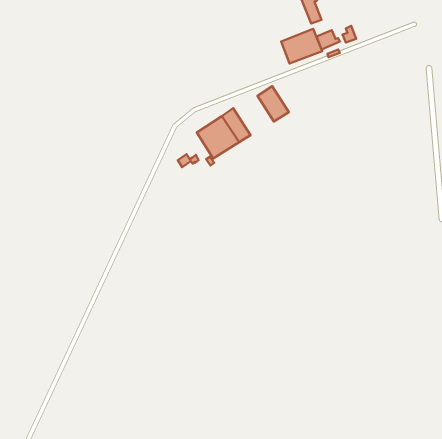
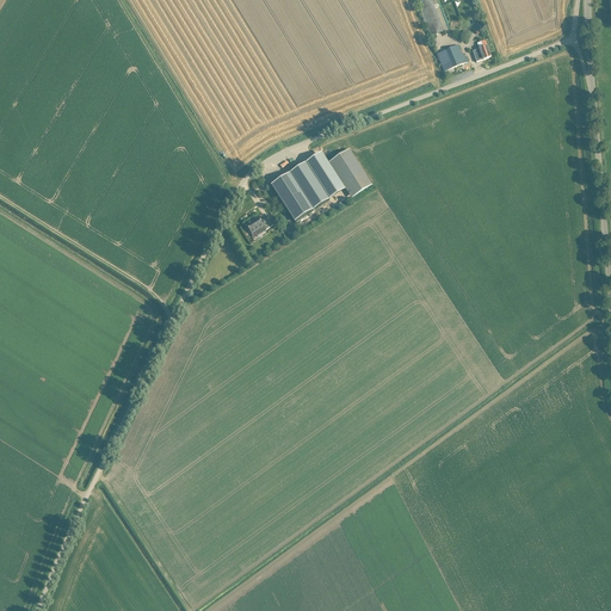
building: [281,29,322,64] -> none
building: [257,86,289,122] -> [328,146,371,195]

